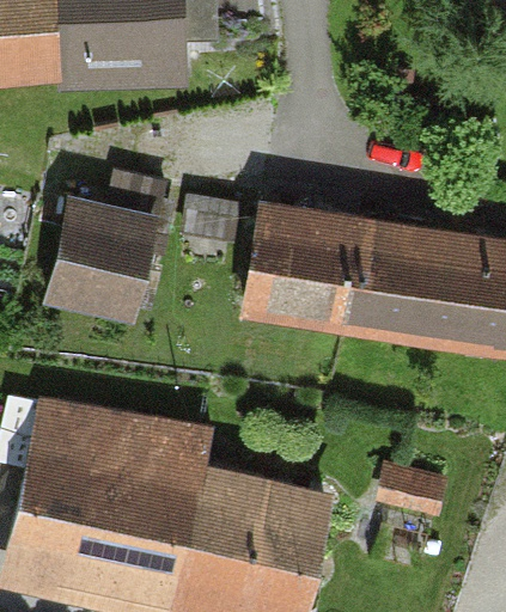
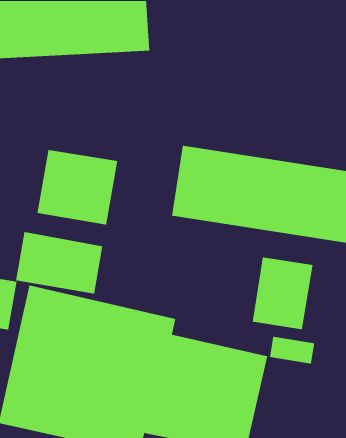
building: none -> [15,231,103,294]
building: none -> [252,256,314,330]

